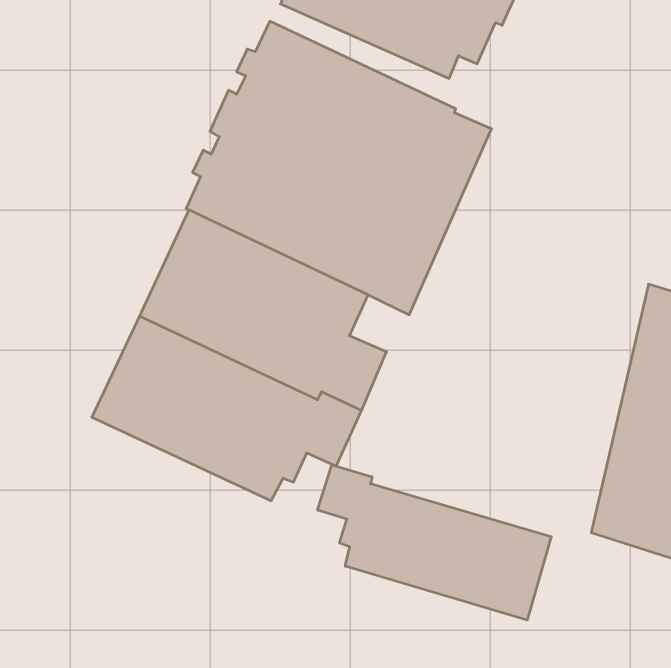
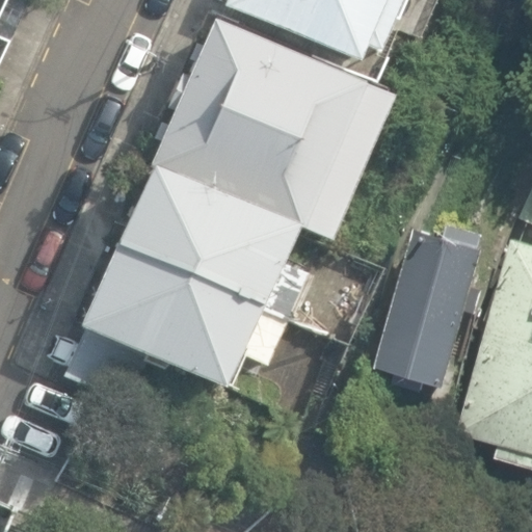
building: none -> [387,214,493,373]
building: [318,465,551,620] -> none

